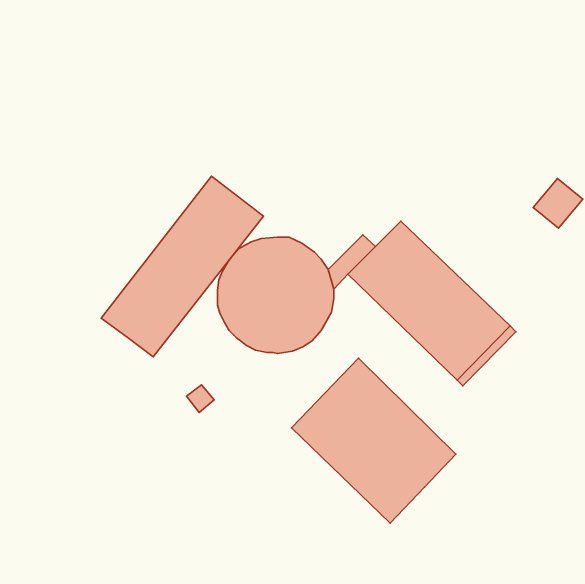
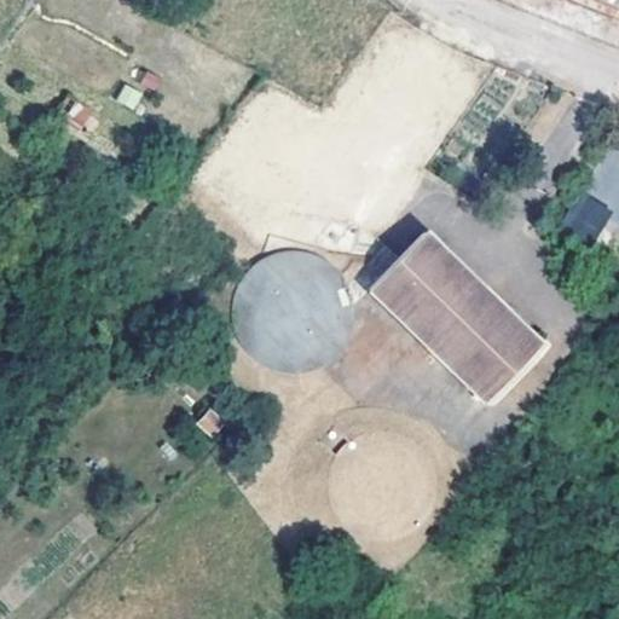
building: [101,176,264,357] -> none
building: [292,358,456,523] -> none

